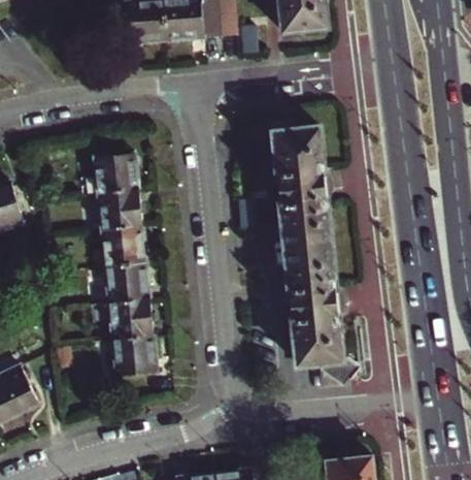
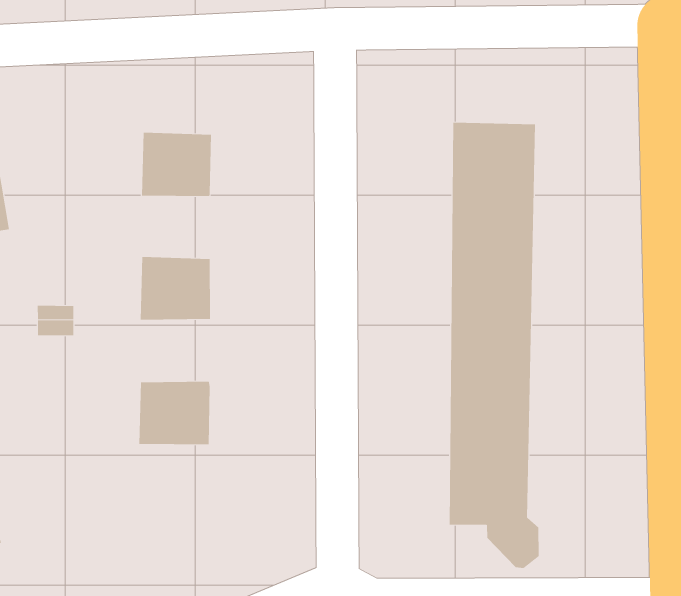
building: [97,190,141,229] -> none
building: [104,261,148,302] -> none
building: [111,334,157,375] -> none

